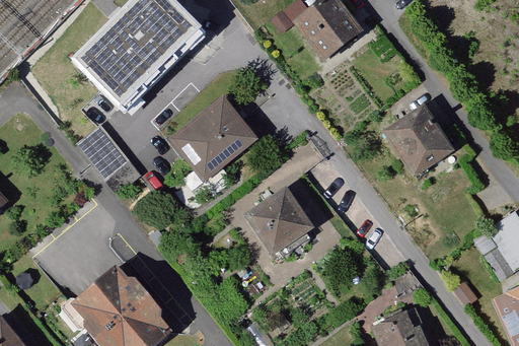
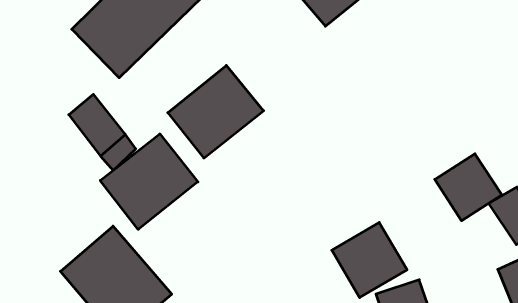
building: [385,106,451,171] -> [435,154,502,221]
building: none -> [100,134,198,229]
building: [244,189,318,263] -> [332,222,407,298]

